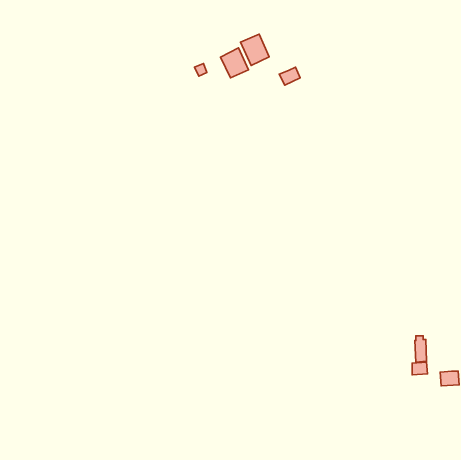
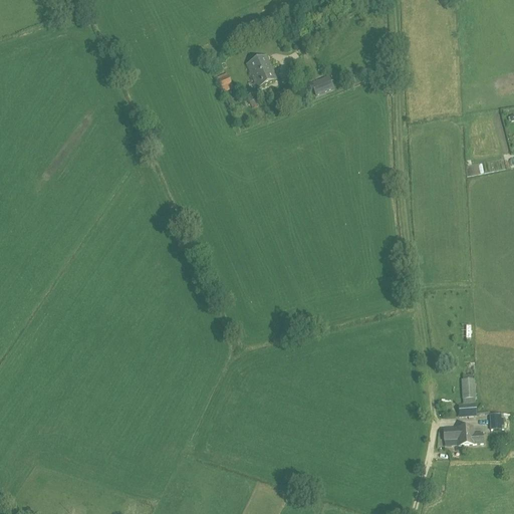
building: [240,34,269,65] -> none
building: none -> [442,425,482,445]

